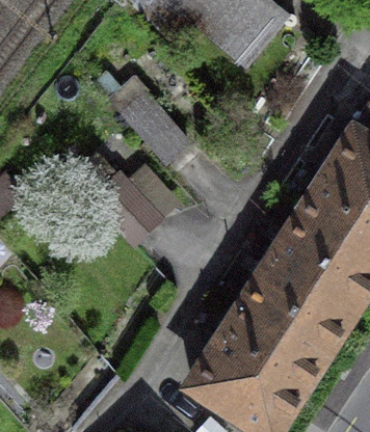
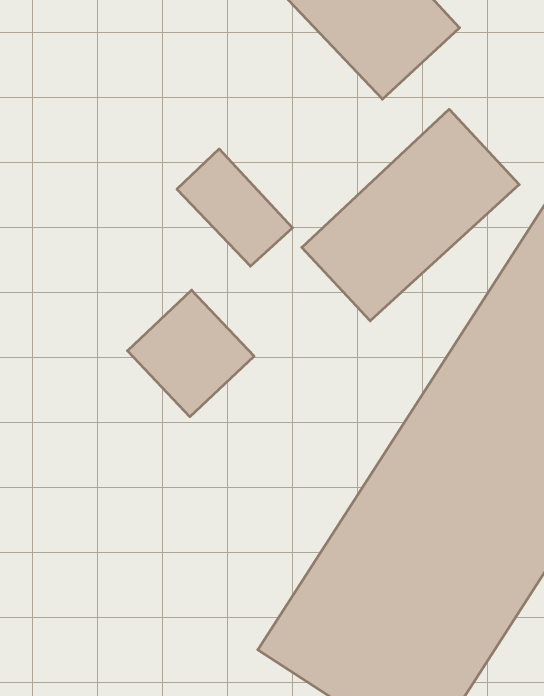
building: none -> [302,109,519,321]

